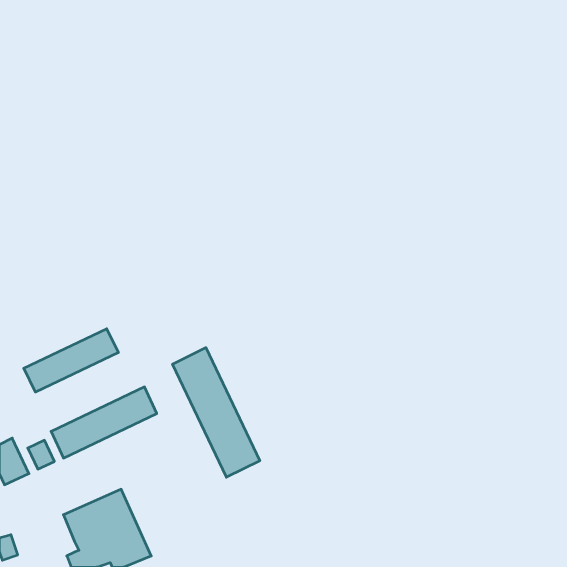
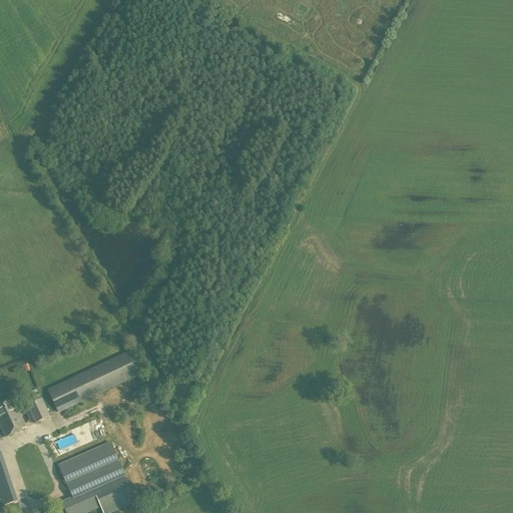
building: [24,329,118,392] -> none
building: [173,348,260,477] -> none

